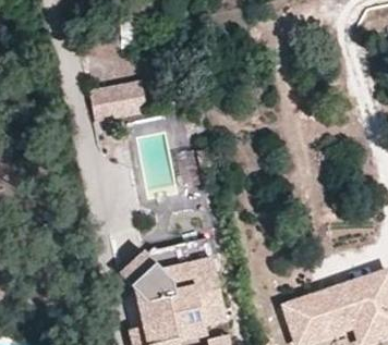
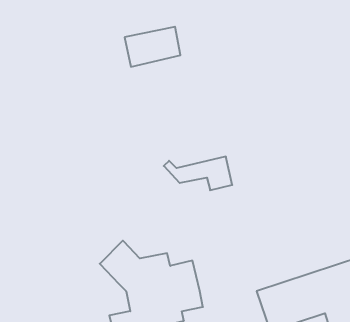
building: [84,83,142,124] -> [125,27,180,67]
building: [144,244,215,279] -> [164,157,232,190]

